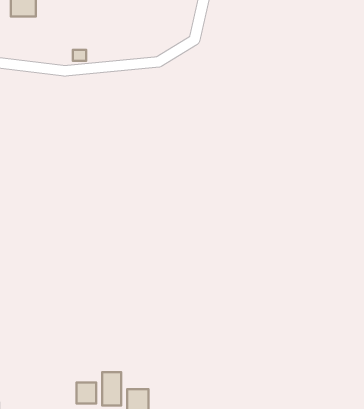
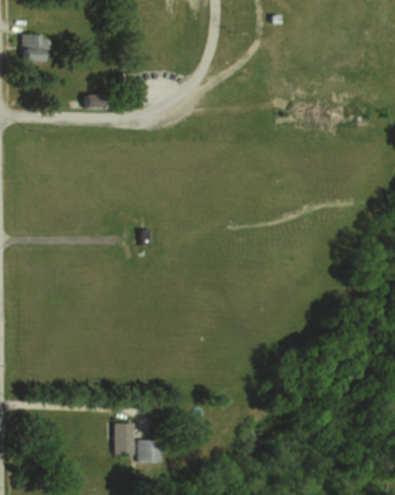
building: [76,383,96,403] -> none

